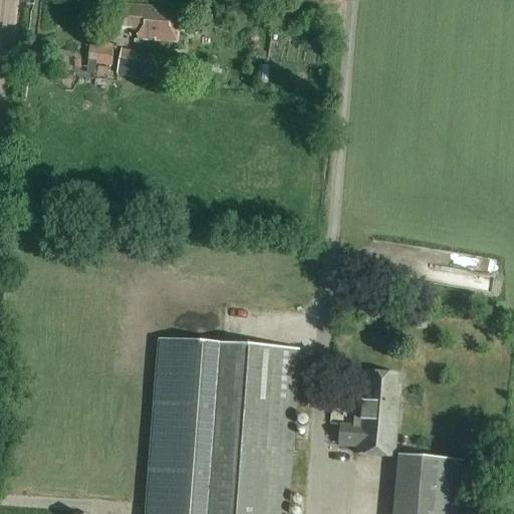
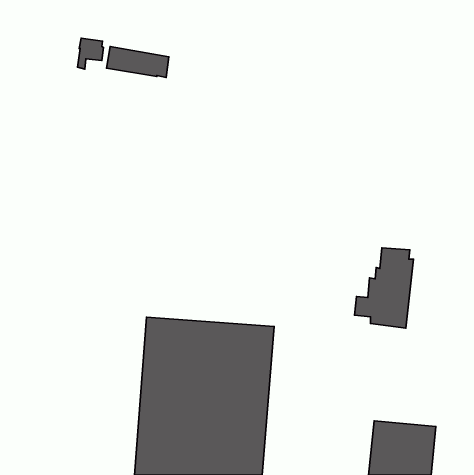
building: [113,4,177,42] -> none
building: [335,372,399,459] -> [355,248,413,328]

